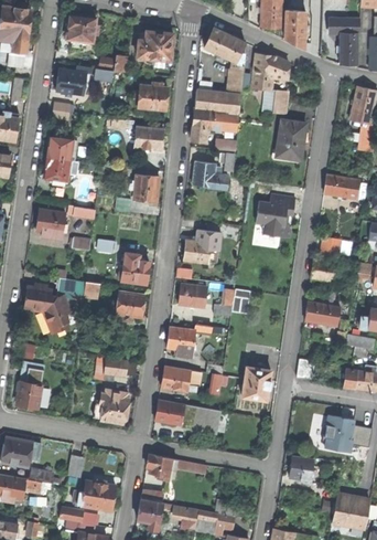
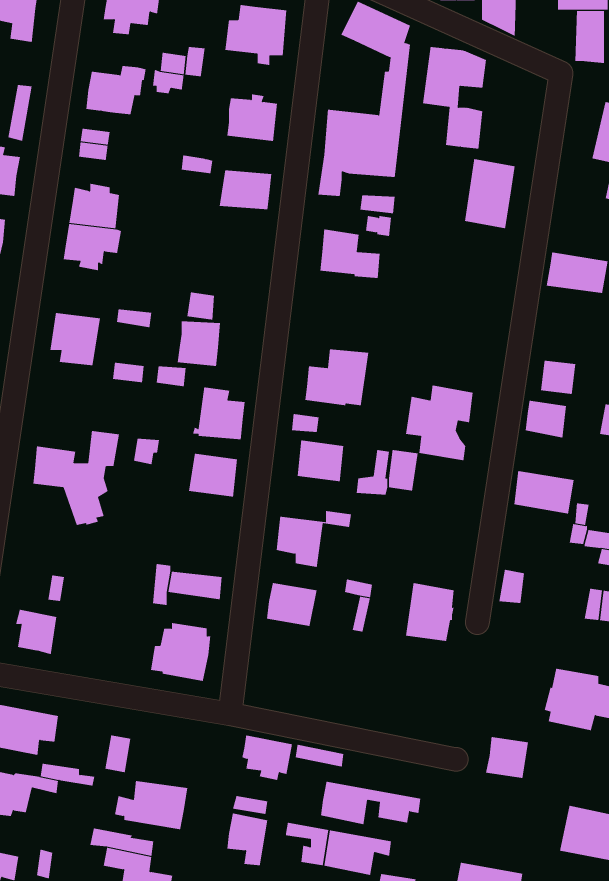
building: [133,174,159,201] -> [177,321,221,366]
building: [255,193,294,237] -> [405,385,474,461]
building: [155,400,214,425] -> [320,781,421,825]

